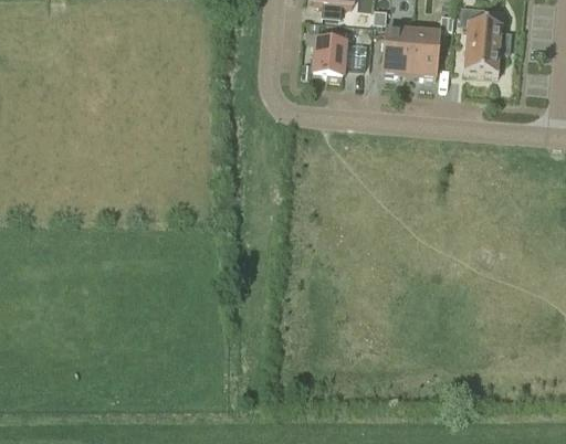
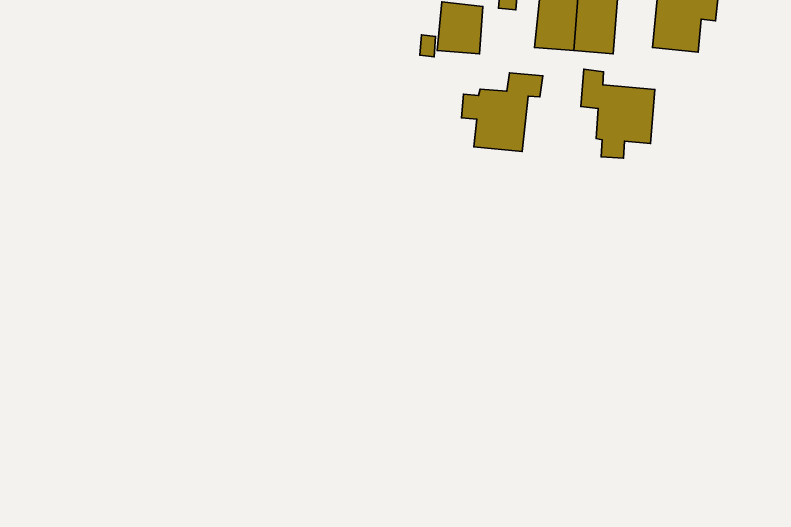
building: none -> [581,69,655,158]
building: none -> [462,73,543,152]

